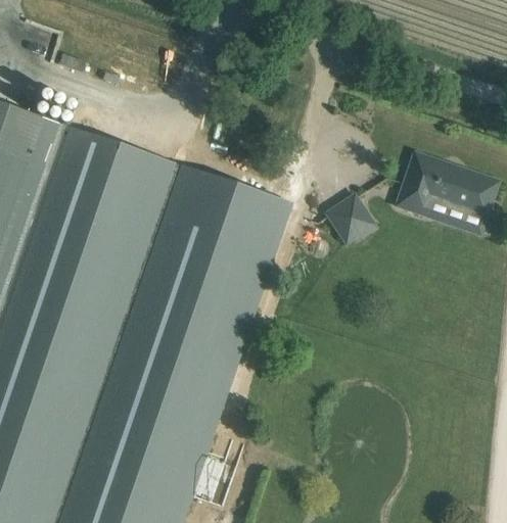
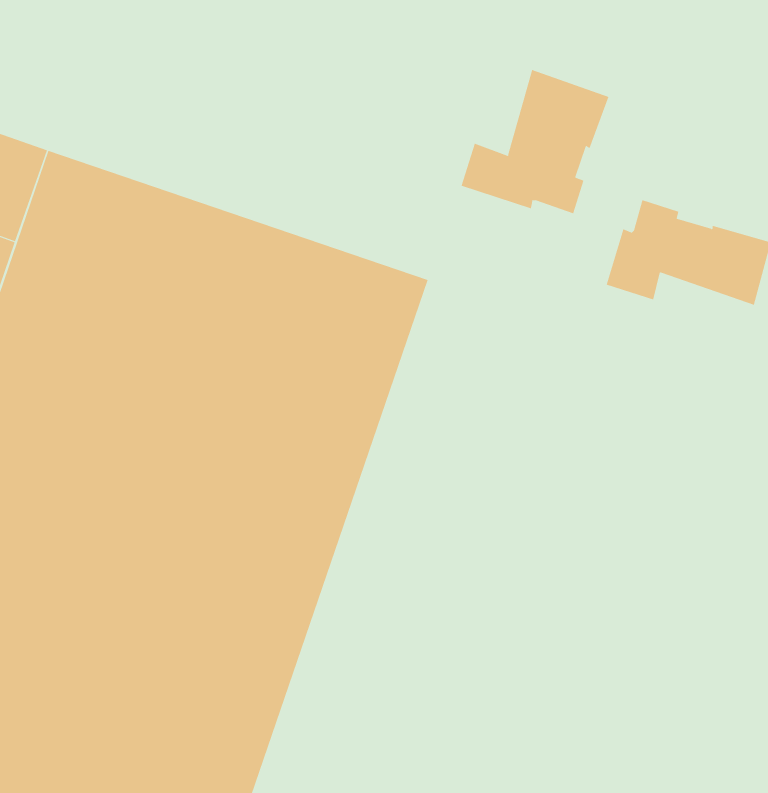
building: none -> [461,69,609,214]
building: [326,193,372,241] -> none

